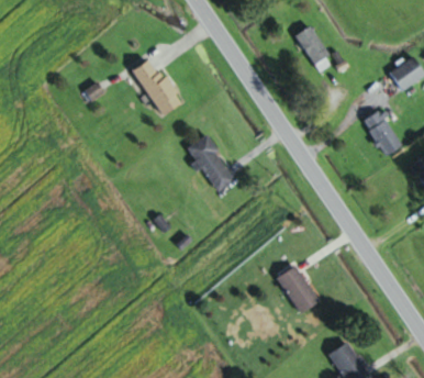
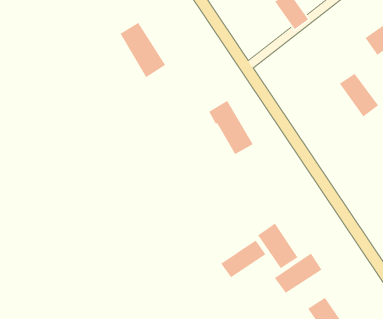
building: [188,134,235,191] -> [208,100,254,155]
building: none -> [220,240,267,278]
building: none -> [274,253,323,294]

